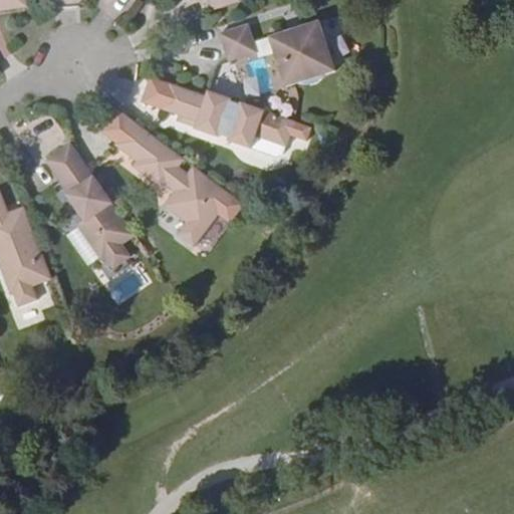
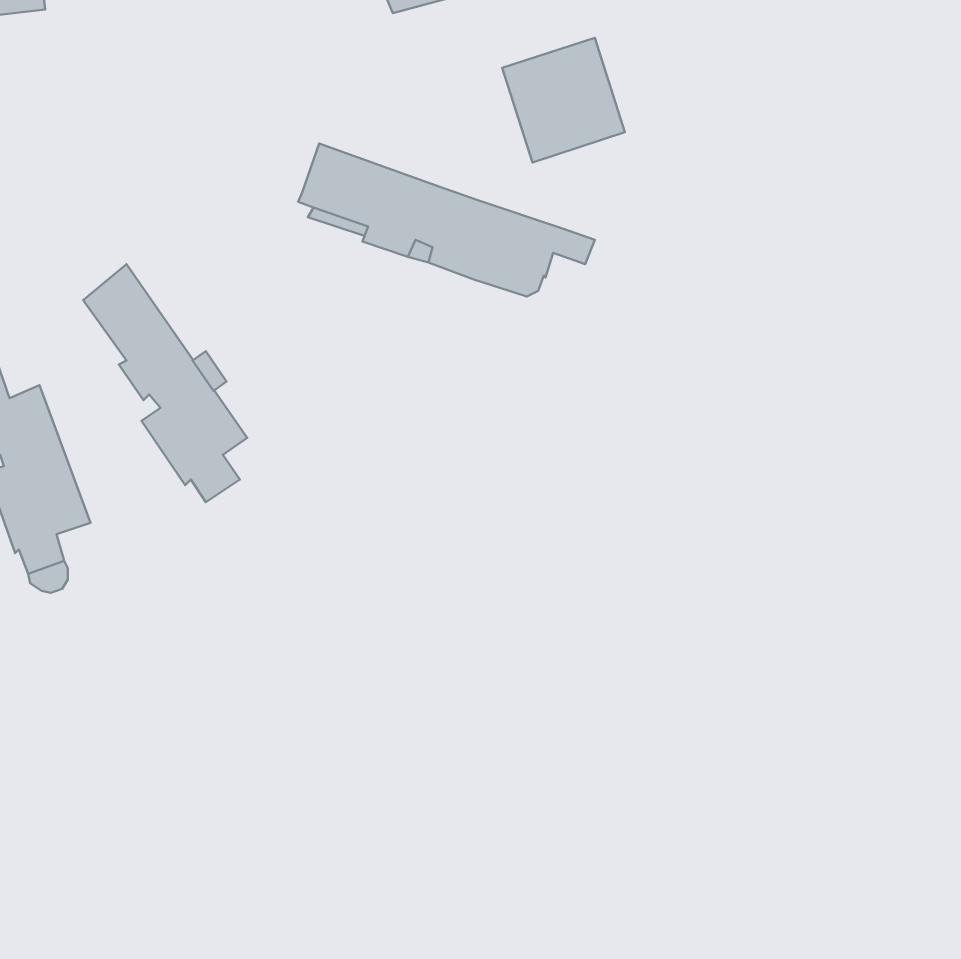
building: [217,23,255,61] -> none
building: [98,107,241,245] -> none

